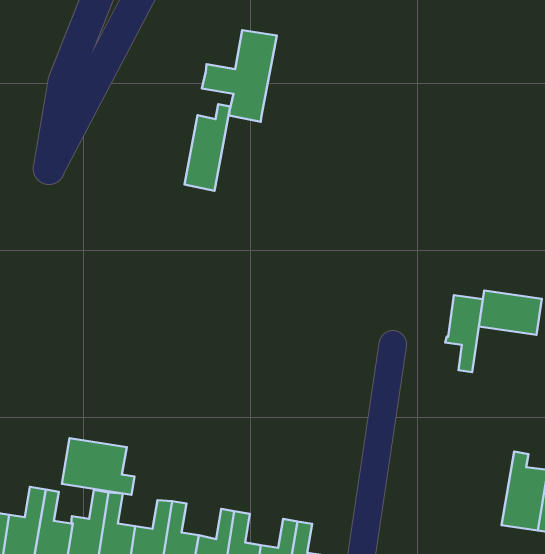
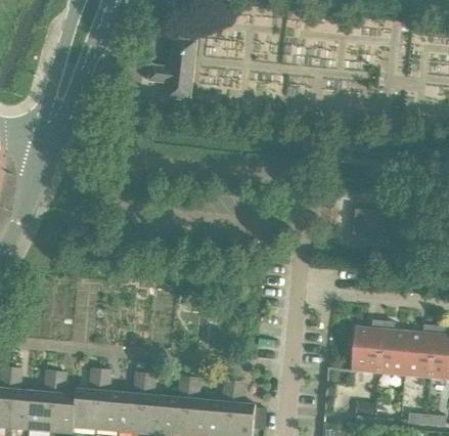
building: [185,104,230,191] -> none
building: [445,295,483,372] -> none
building: [62,438,134,495] -> none
building: none -> [349,320,383,374]

